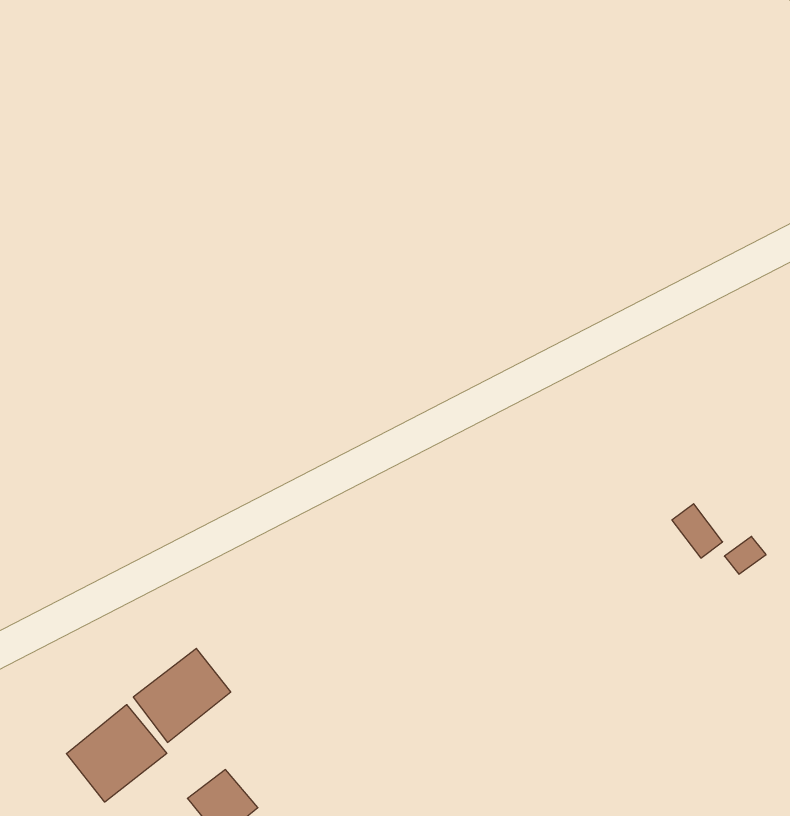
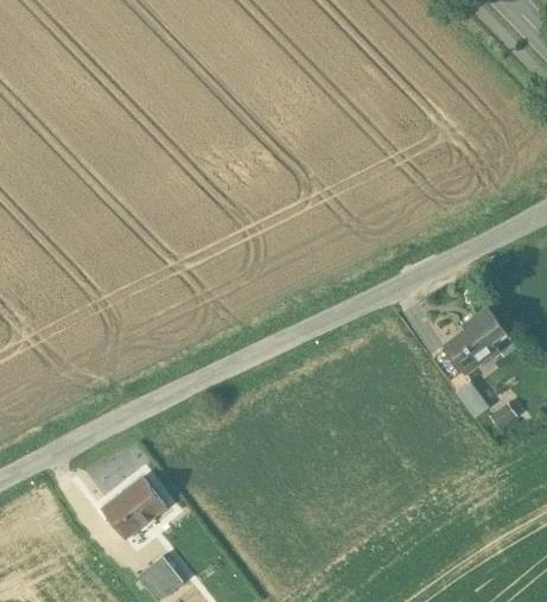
building: none -> [444,308,504,372]
building: [66,705,167,802] -> none

